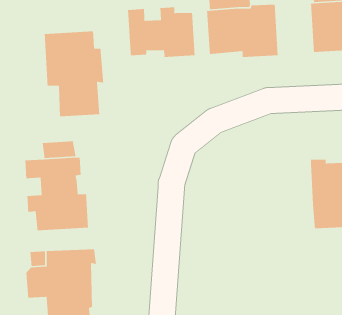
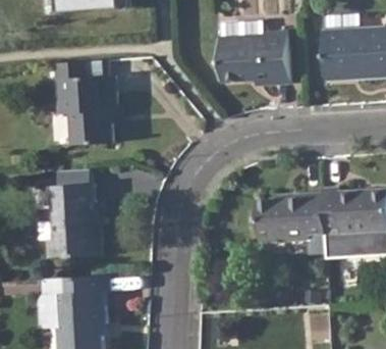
building: [127,7,195,58] -> none
building: none -> [257,192,324,241]

